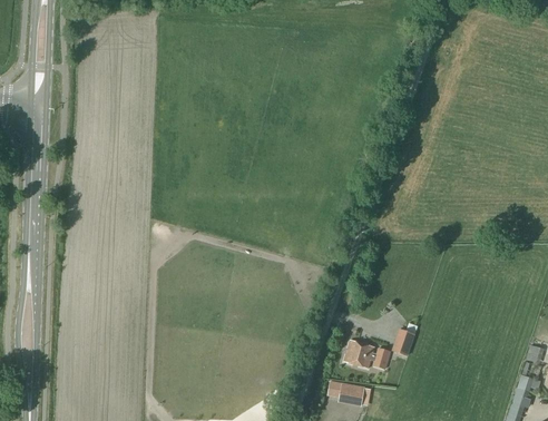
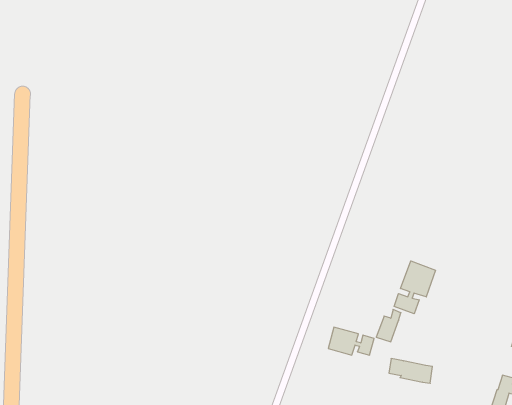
building: none -> [394,261,436,314]
building: [326,381,370,405] -> [389,359,432,383]

